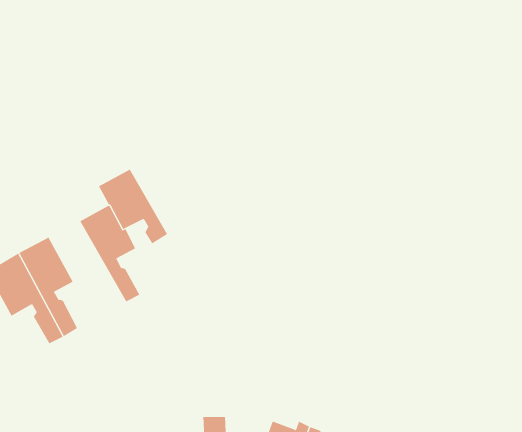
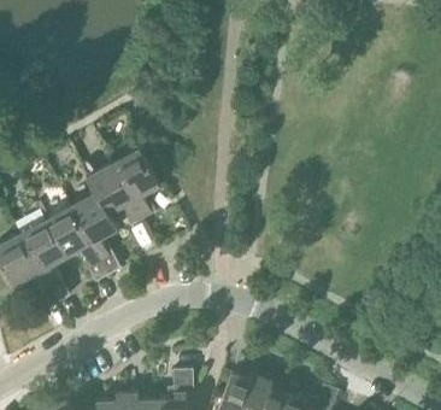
building: none -> [112,150,159,218]
building: none -> [45,207,108,283]

